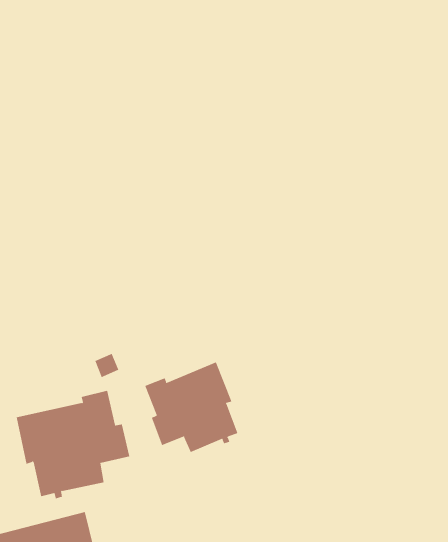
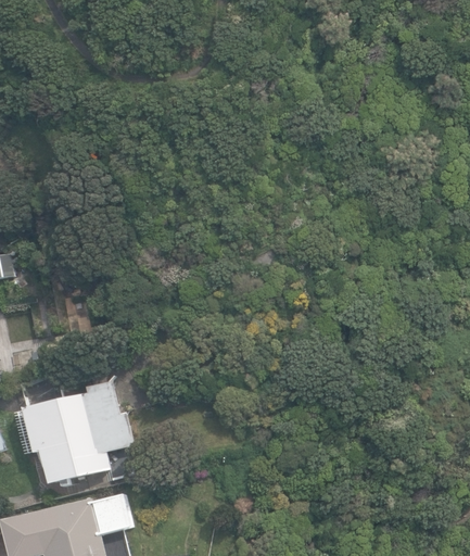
building: [144,362,238,453] -> none

